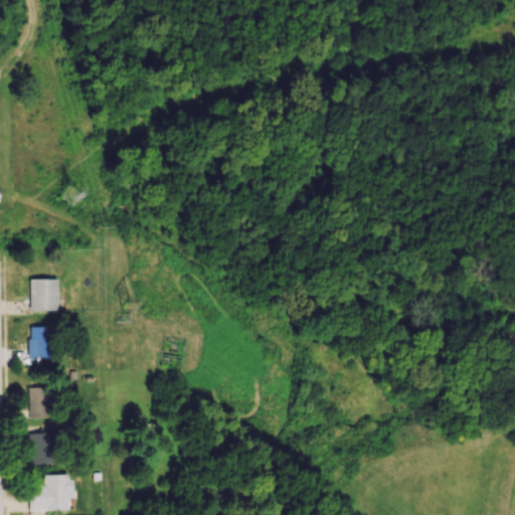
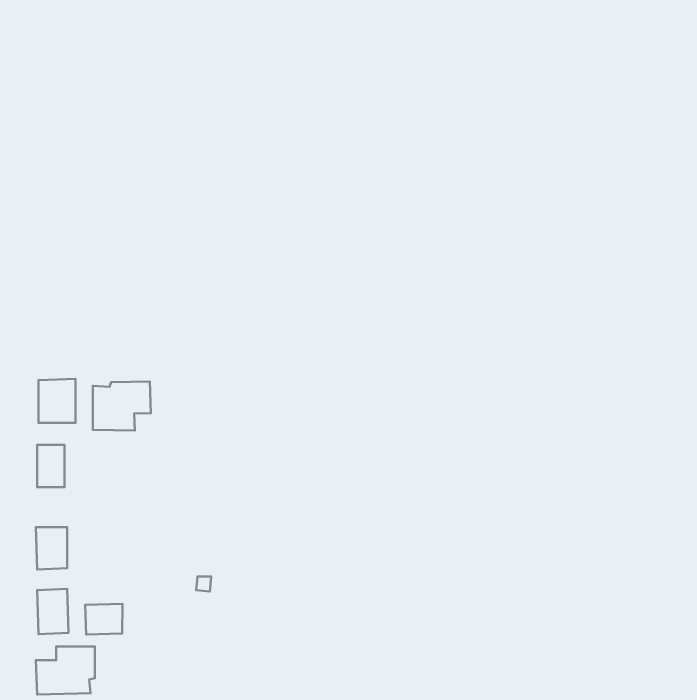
building: none -> [93,382,151,430]
building: none -> [85,604,122,635]

